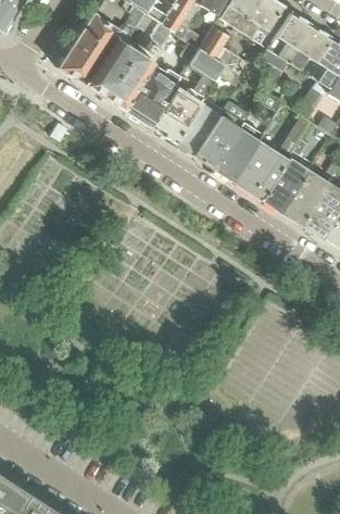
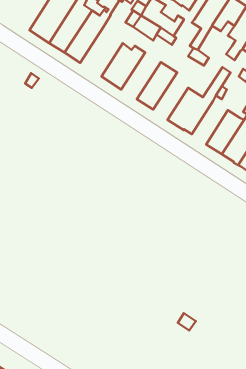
building: [122,62,181,126] -> none
building: [174,96,224,154] -> none
building: [214,121,263,180] -> none
building: [262,156,308,212] -> none

